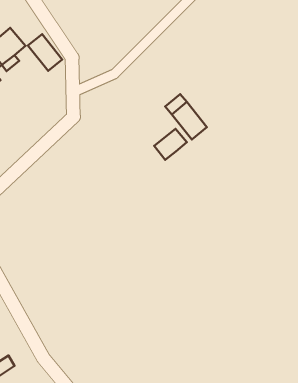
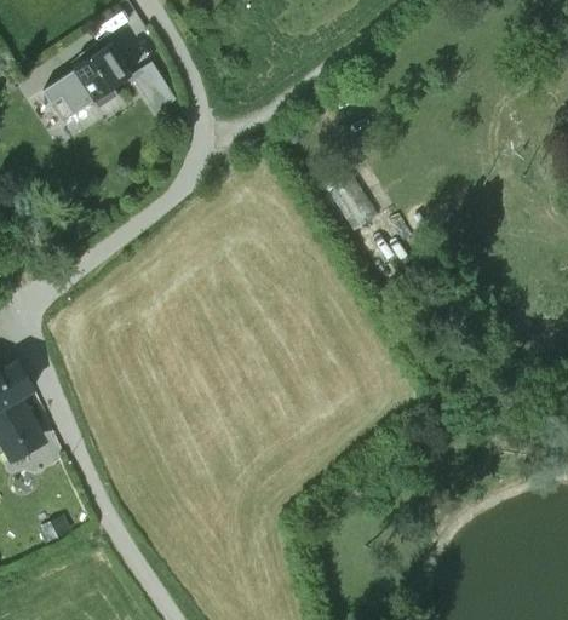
building: [154,129,187,160] -> none

